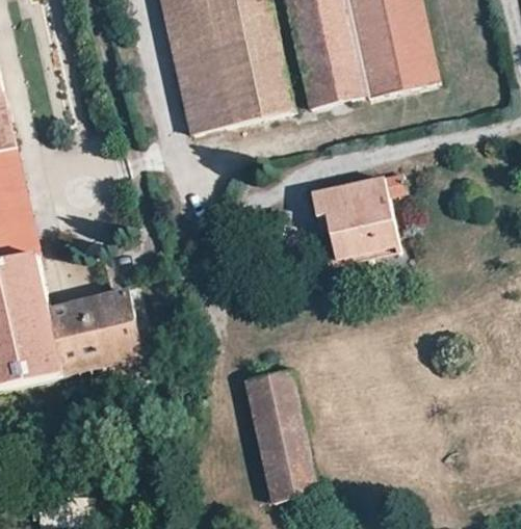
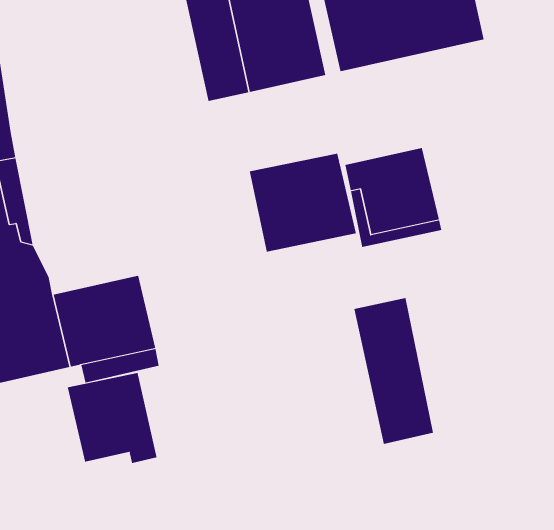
building: none -> [249,153,356,253]
building: [244,367,317,500] -> [353,297,434,444]
building: none -> [67,372,157,464]

